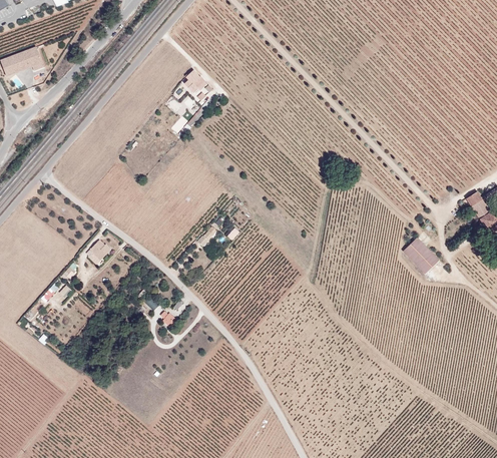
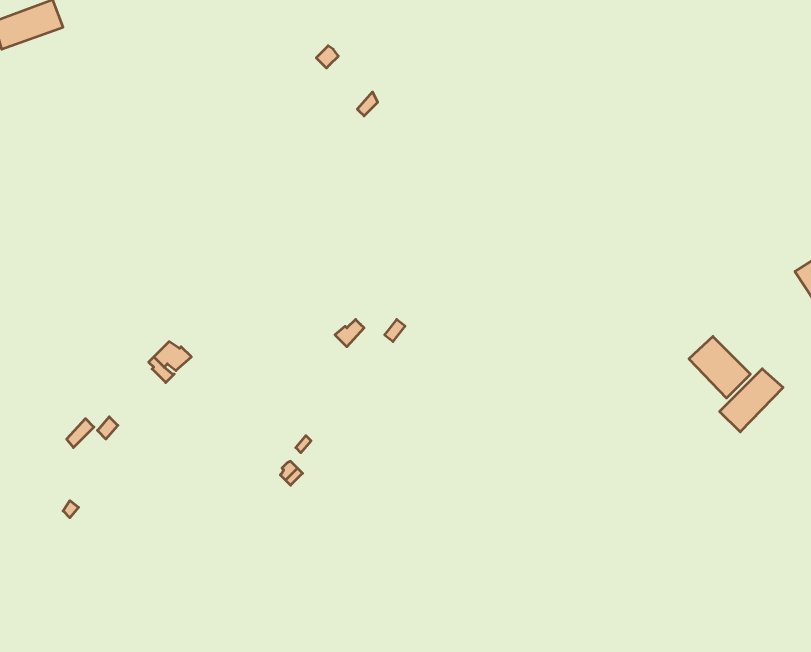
building: none -> [720,369,783,432]

